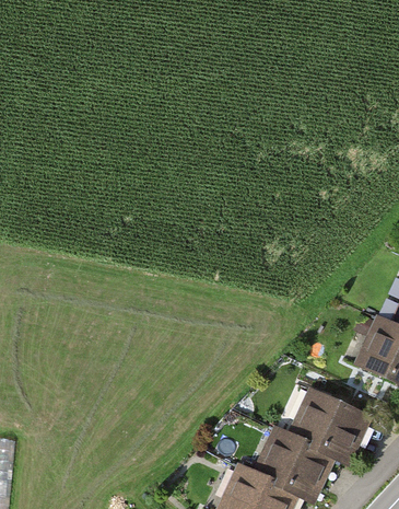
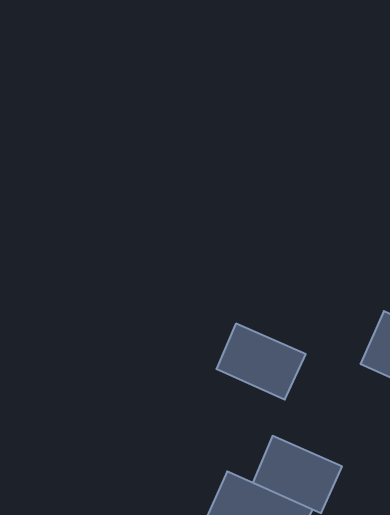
building: [292,391,372,459] -> [216,324,306,400]

